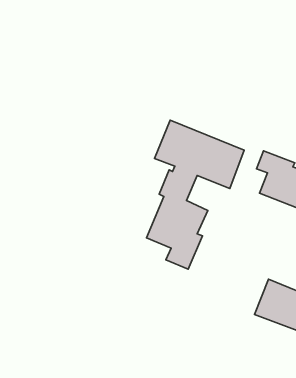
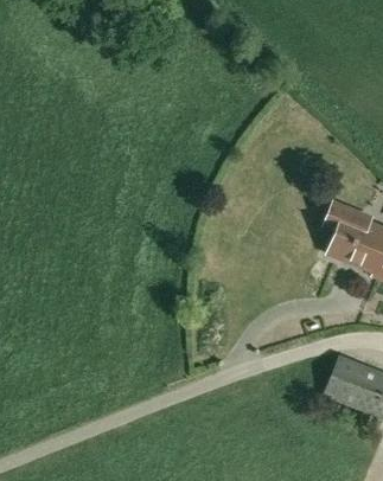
building: [146,120,244,269] -> none

